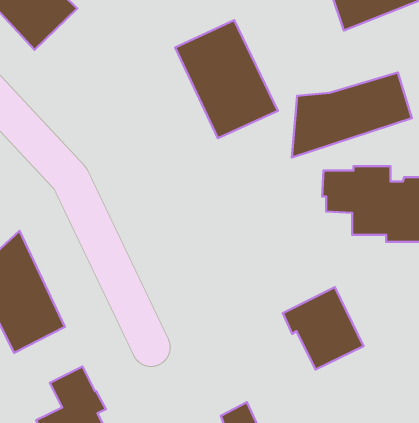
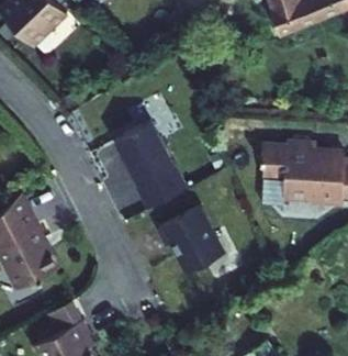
building: [175,20,278,138] -> [110,123,192,218]
building: [292,72,412,157] -> none
building: [283,287,363,369] -> [157,207,222,272]

